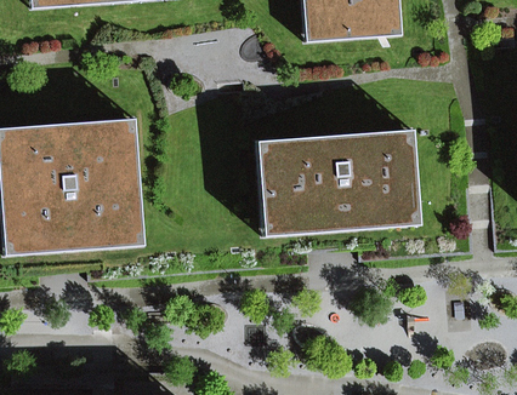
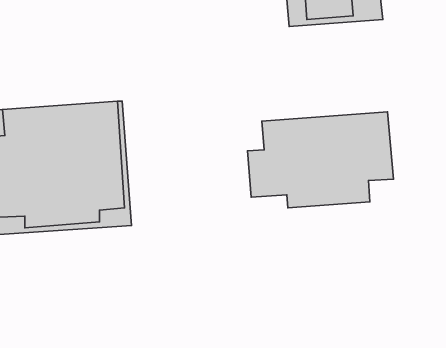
building: [257,130,421,236] -> none

